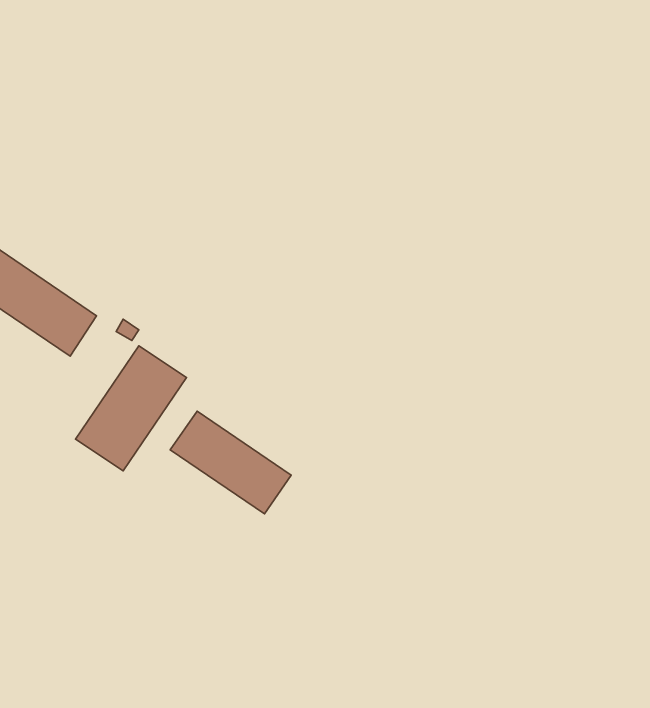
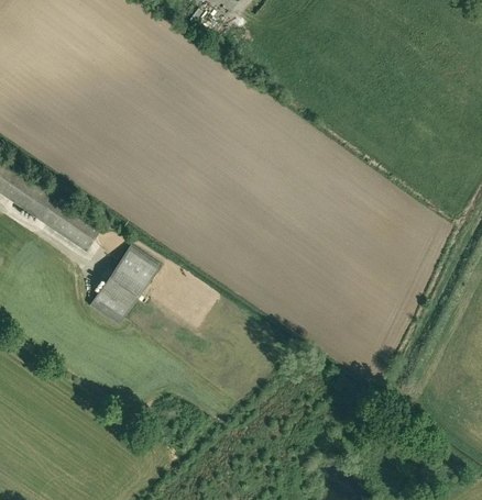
building: [170,411,291,514] -> none

